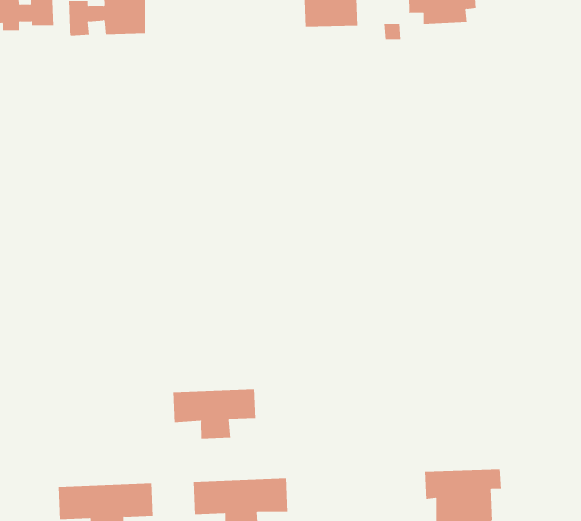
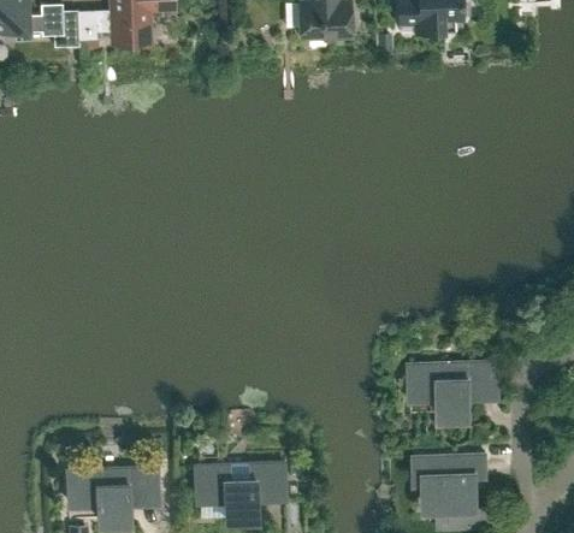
building: none -> [408,362,499,415]
building: [173,389,256,440] -> none

